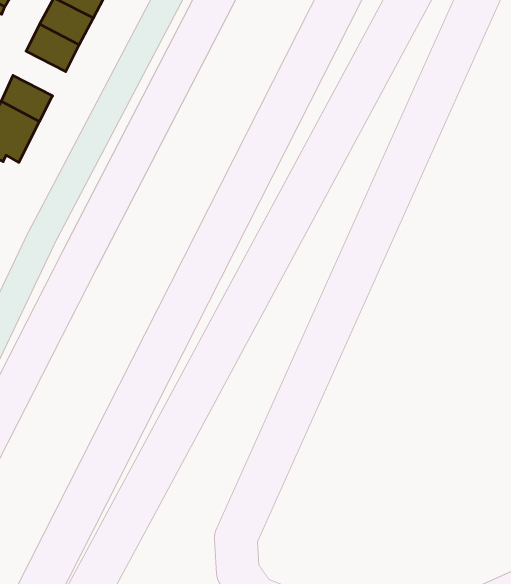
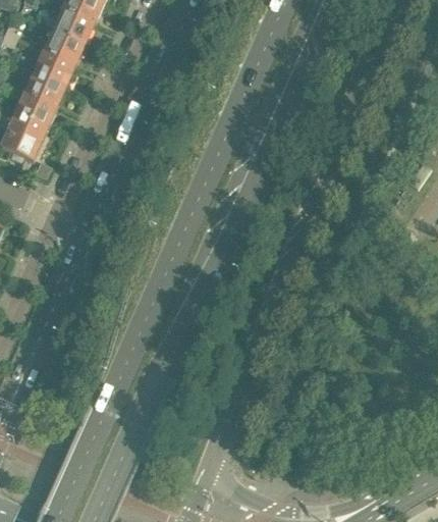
building: none -> [23,73,64,107]

